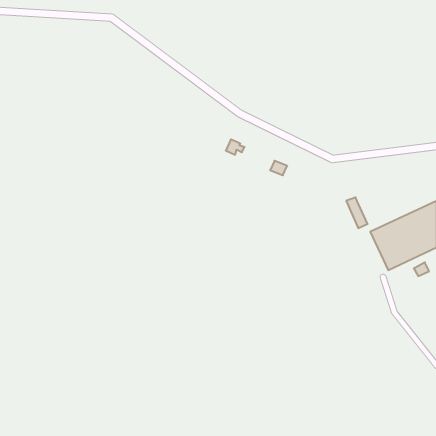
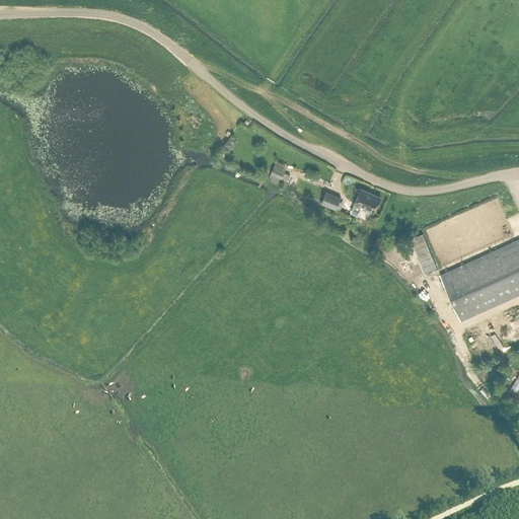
building: none -> [355,189,381,213]

